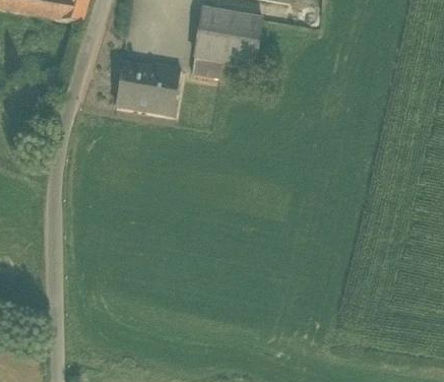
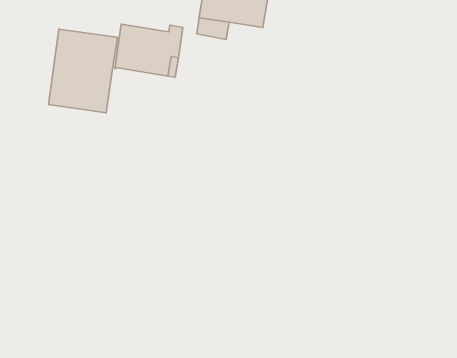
building: none -> [49,29,118,113]

